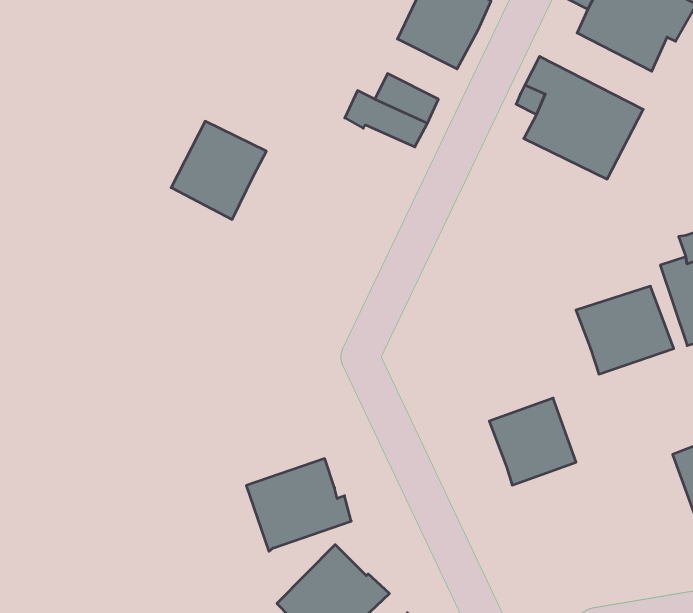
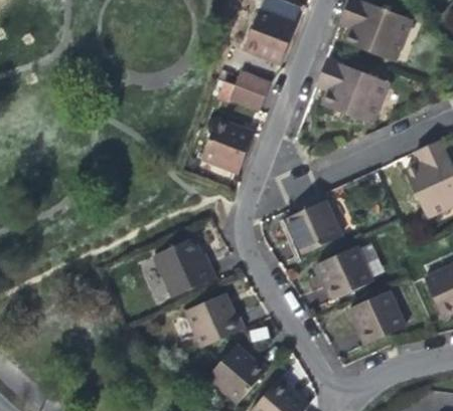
building: [171,121,266,219] -> [202,121,255,175]
building: [576,286,674,374] -> [284,201,341,253]
building: none -> [152,240,213,298]
building: none -> [351,287,410,343]

